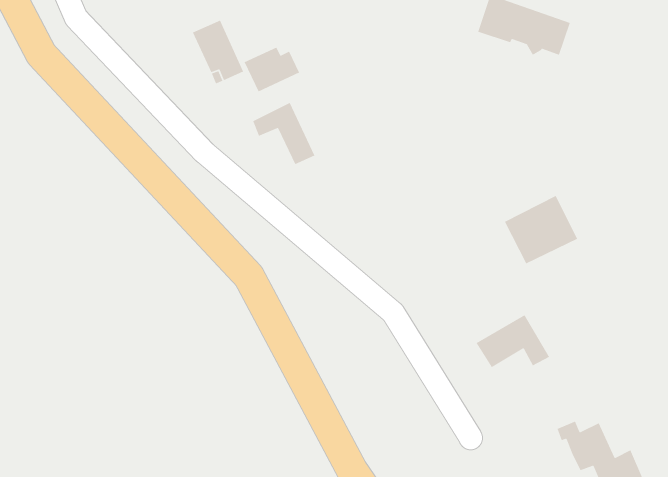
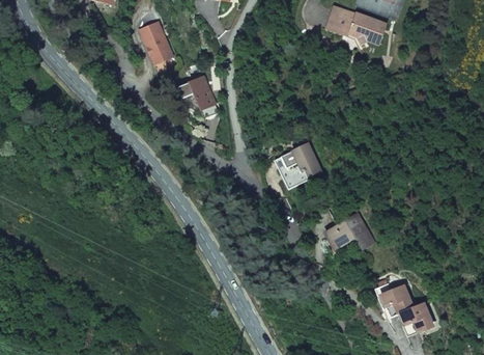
building: [244,46,300,92] -> none
building: [504,195,578,264] -> [275,144,323,190]

